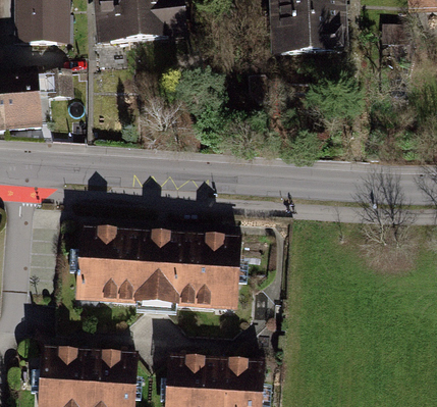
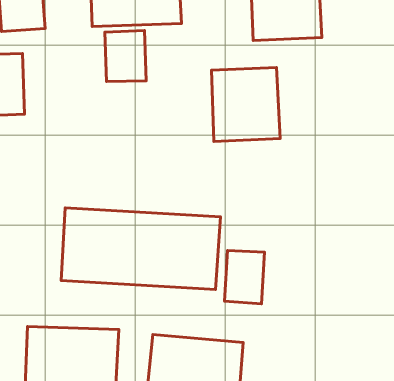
building: none -> [105,31,146,82]
building: none -> [211,67,280,141]
building: none -> [224,250,264,304]

